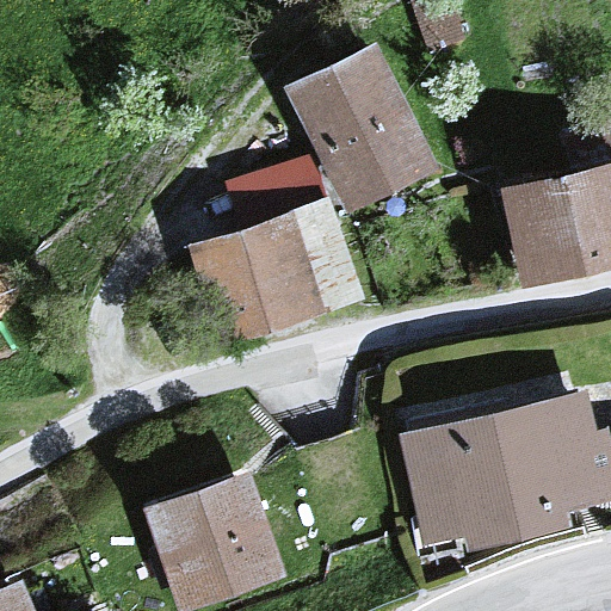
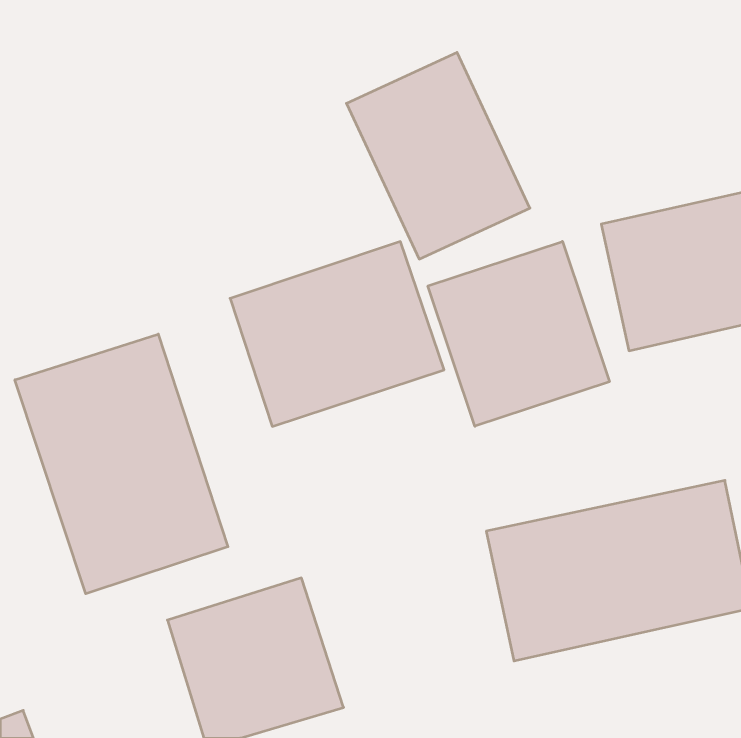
building: none -> [428,241,609,426]
building: none -> [15,334,228,594]

